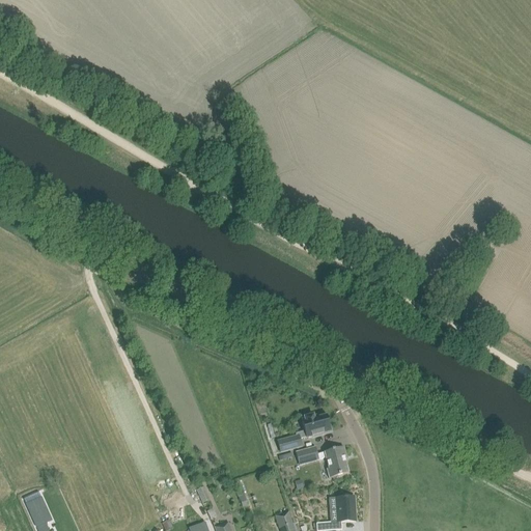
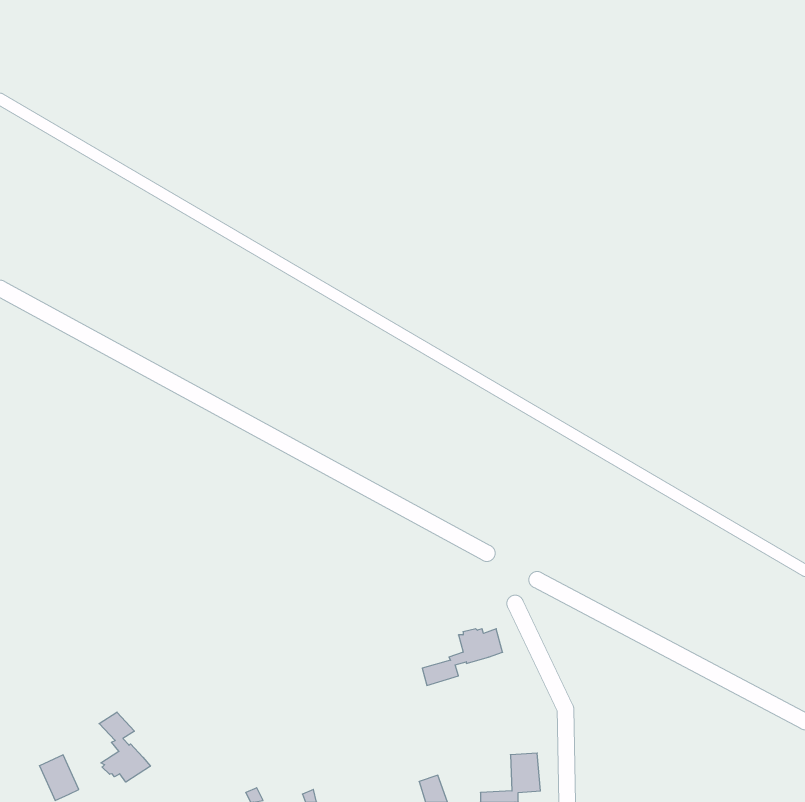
building: [296,445,348,477] -> none
building: none -> [99,712,150,782]

